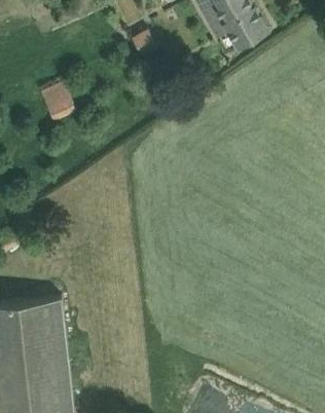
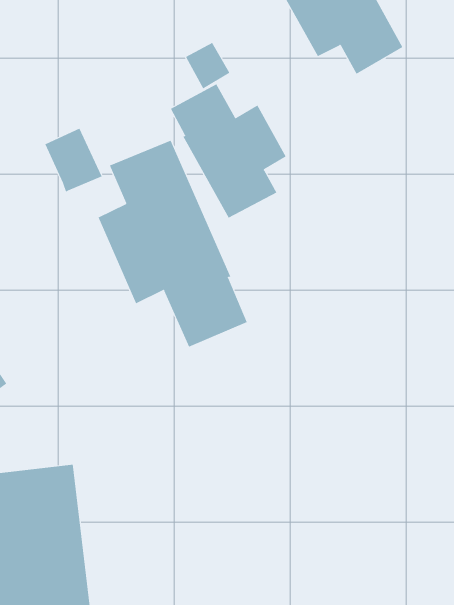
building: none -> [170,83,286,219]
building: none -> [98,140,248,348]

